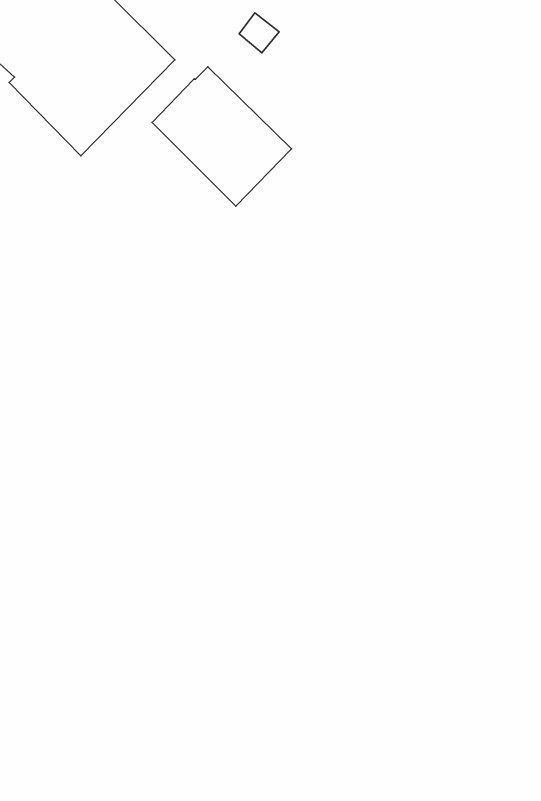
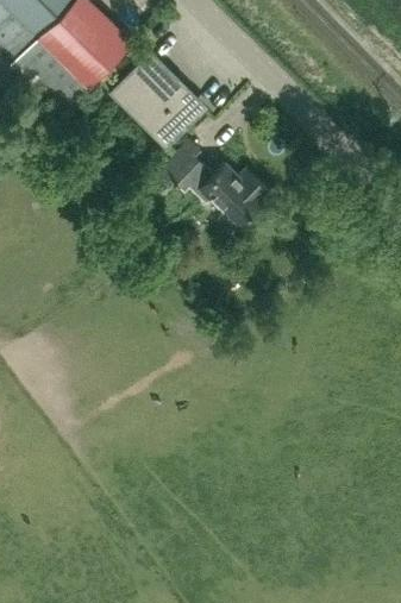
building: none -> [171,152,269,220]

